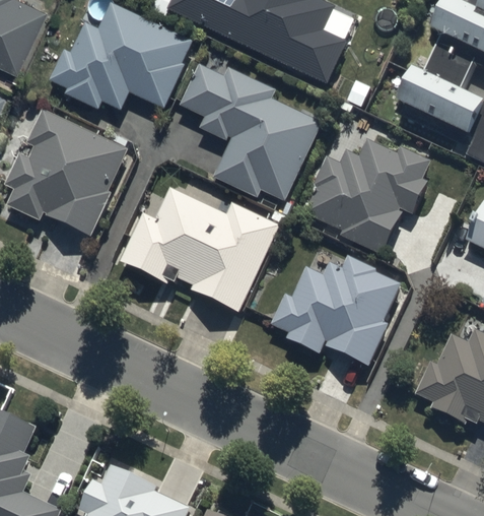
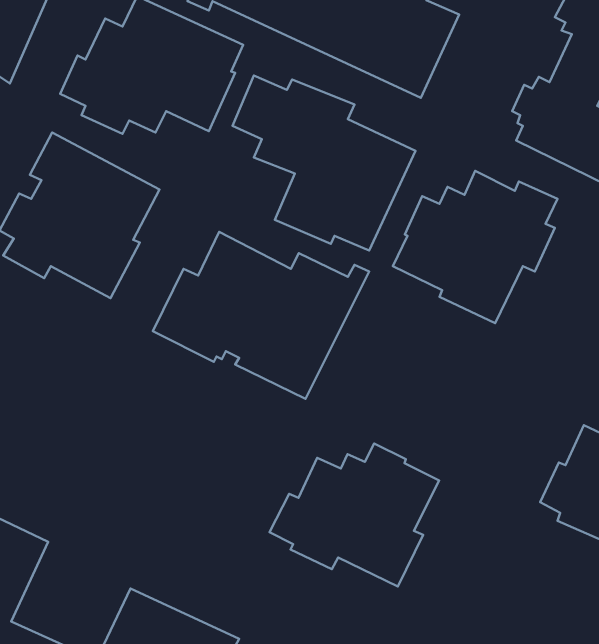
building: [271,255,401,365] -> [269,443,439,587]

